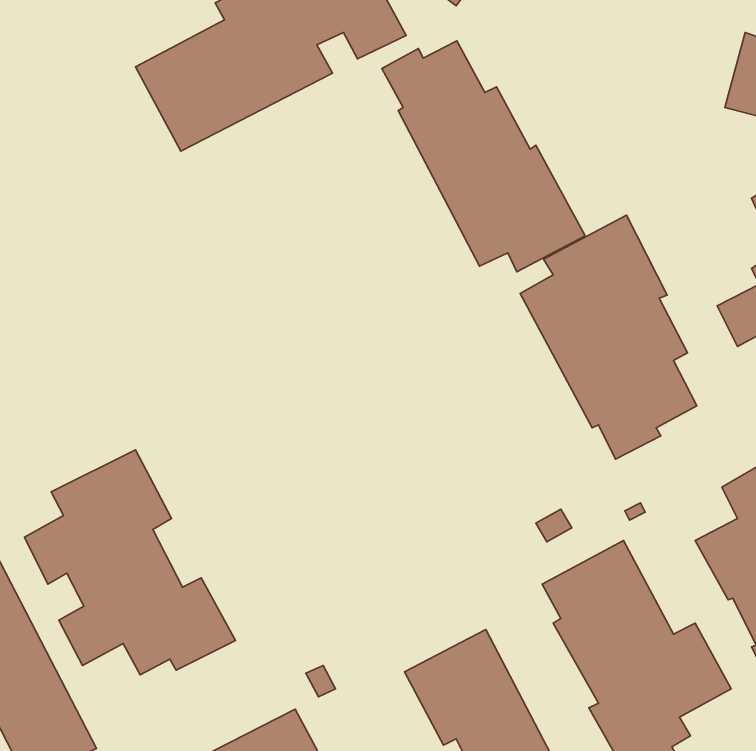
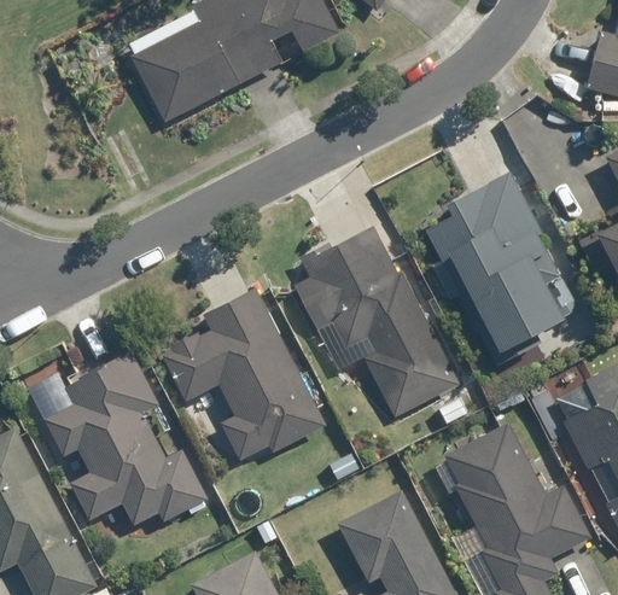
building: [382,41,585,272] -> none
building: none -> [293,226,459,416]
building: none -> [162,288,325,461]

